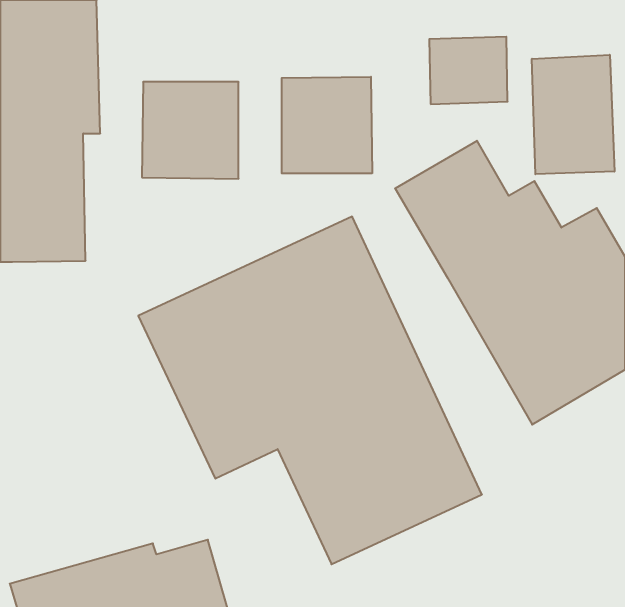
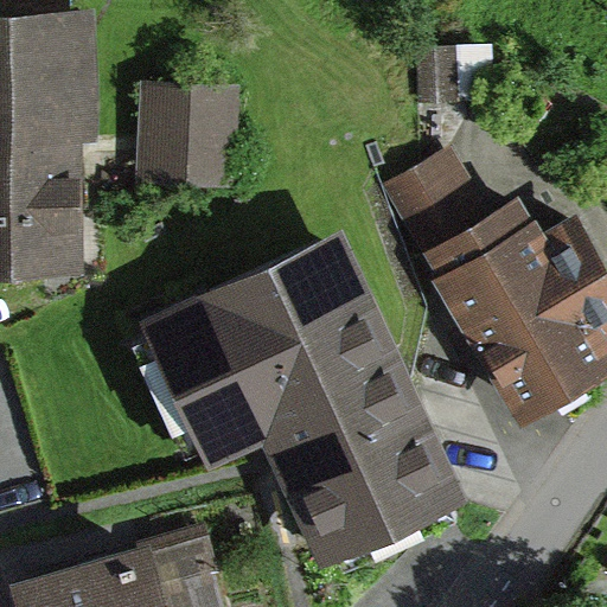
building: [532,55,614,174] -> none
building: [282,77,372,173] -> none

